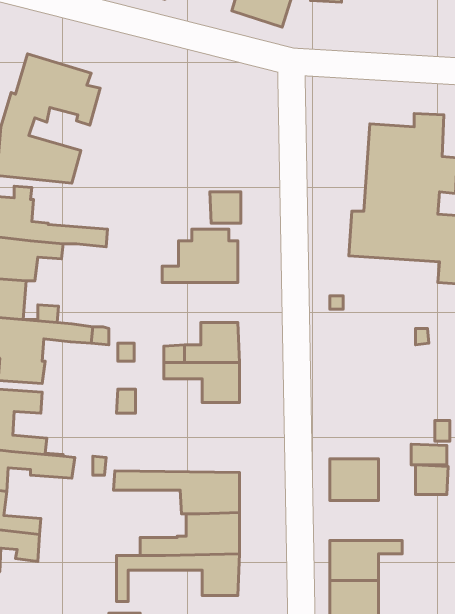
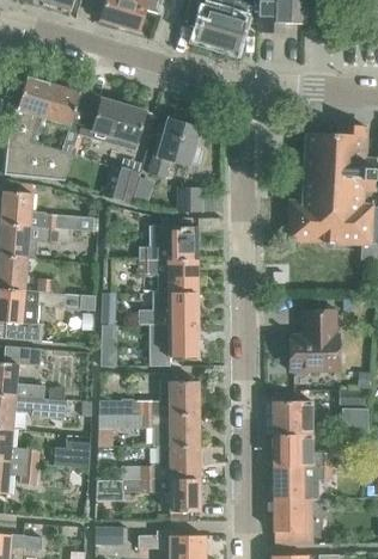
building: none -> [79,97,146,150]
building: none -> [150,117,201,178]
building: none -> [102,167,139,203]
building: none -> [138,260,199,293]
building: none -> [291,312,340,373]
building: none -> [99,373,200,413]
building: none -> [273,436,331,468]
building: none -> [53,442,90,468]

